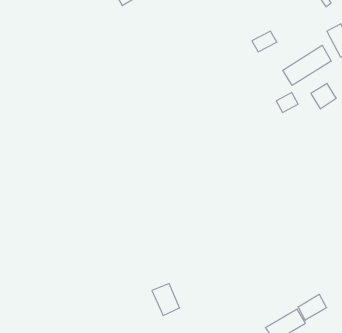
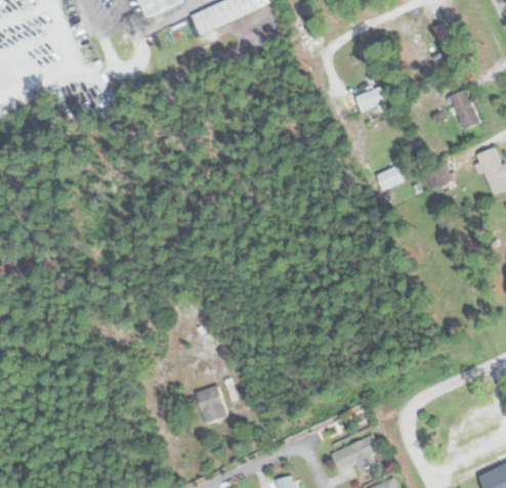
building: [283,45,331,85] -> none
building: [298,294,327,320] -> none

